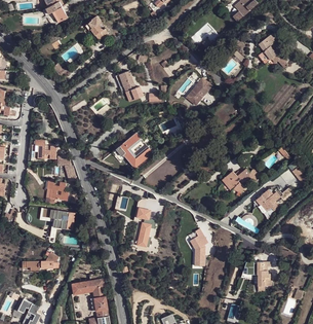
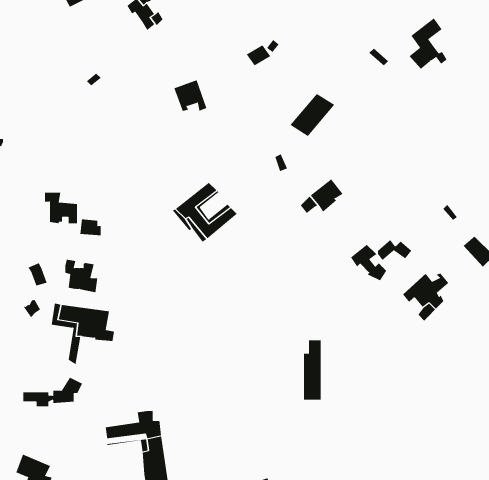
building: [134,207,155,248] -> none
building: [246,261,270,286] -> none

